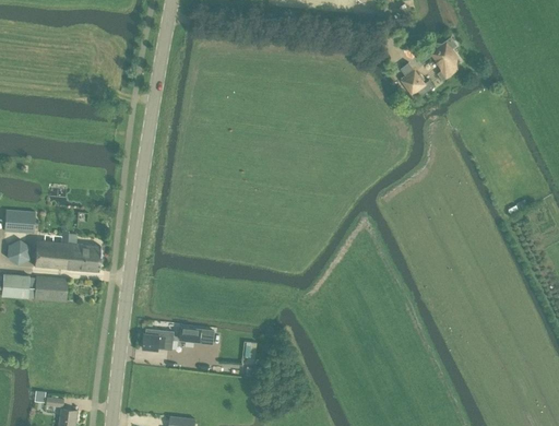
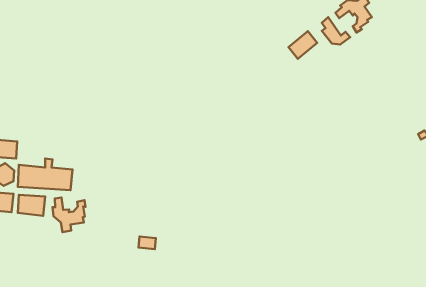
building: none -> [289,31,317,59]
building: none -> [53,197,86,232]
building: [142,329,173,351] -> none

